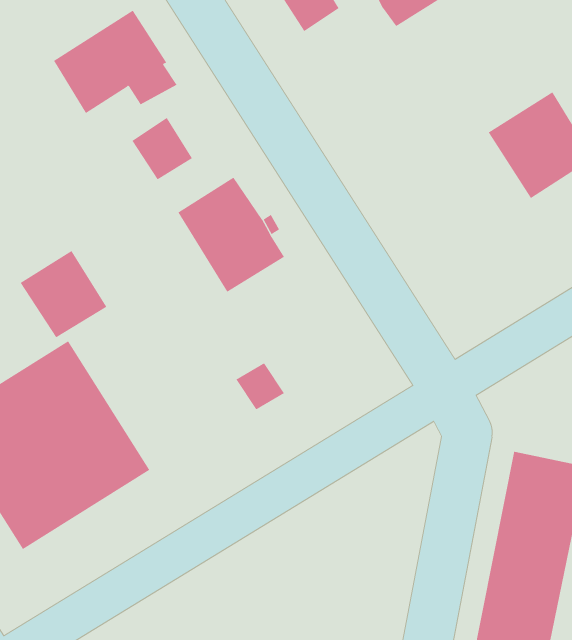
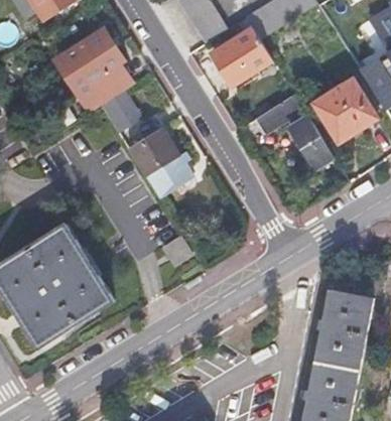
building: none -> [212,28,273,86]
building: none -> [259,93,334,166]
building: [20,250,107,338] -> none

